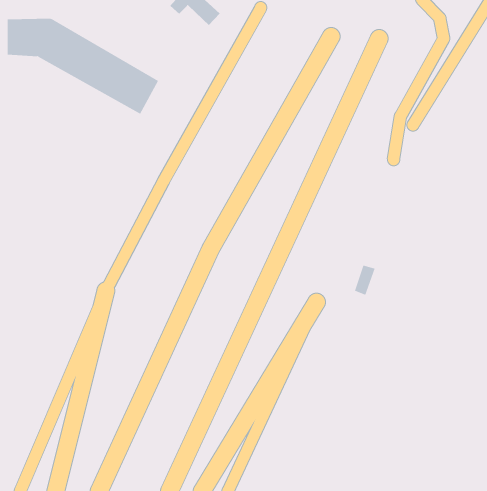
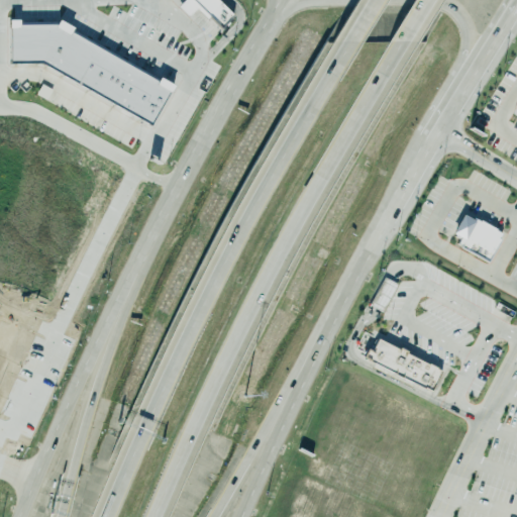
building: none -> [448,211,504,264]
building: none -> [366,340,443,394]

